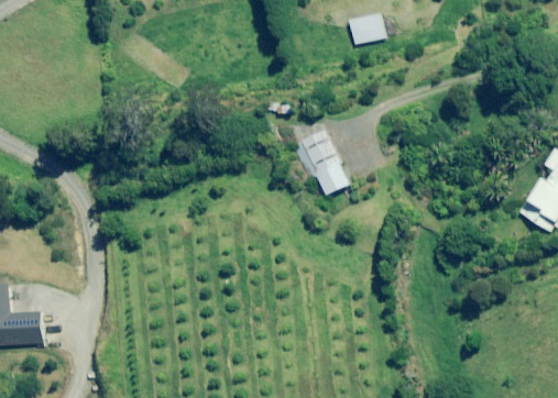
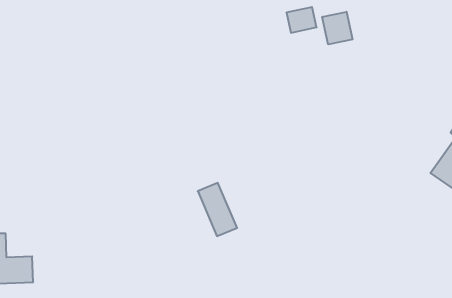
building: none -> [322,12,353,44]
building: [303,131,350,195] -> [198,183,237,236]

